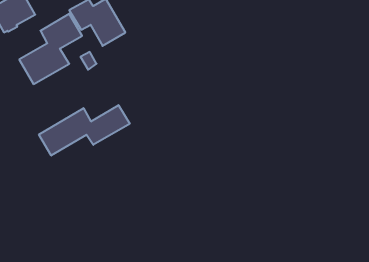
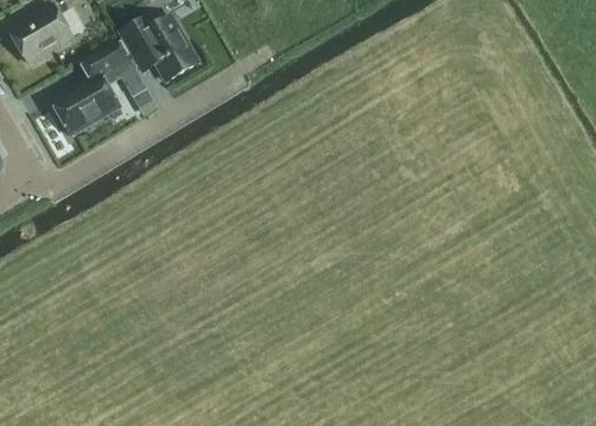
building: [39,105,130,156] -> none

